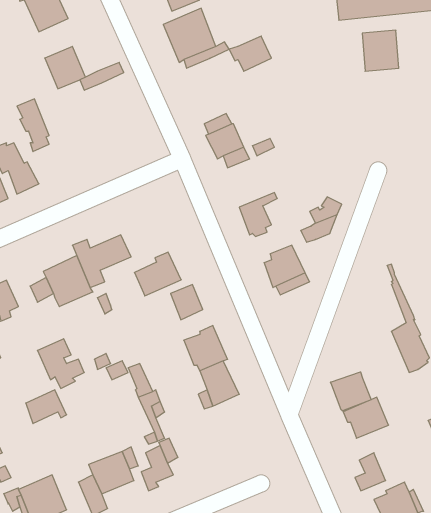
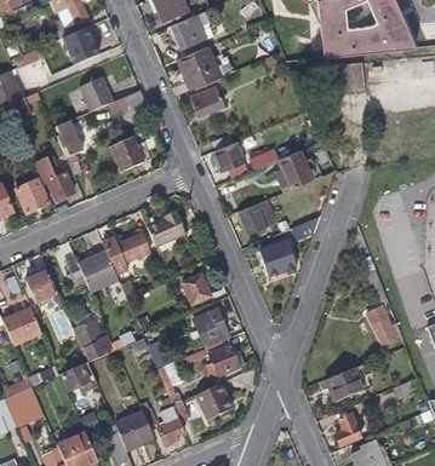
building: [229,36,271,71] -> [189,86,224,115]
building: none -> [111,136,145,172]
building: none -> [270,148,313,192]
building: [134,252,181,296] -> [147,209,185,246]
building: [331,372,371,411] -> none
building: none -> [195,381,231,420]

